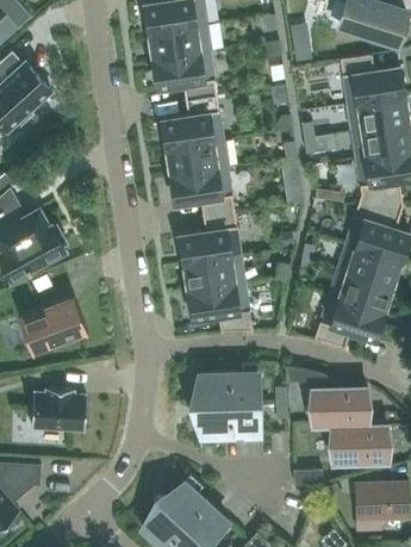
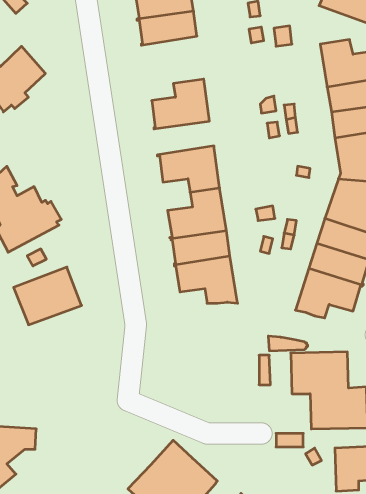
building: [151,52,217,102] -> none
building: [164,142,228,178] -> none
building: [197,369,262,441] -> none
building: [32,390,86,431] -> none

